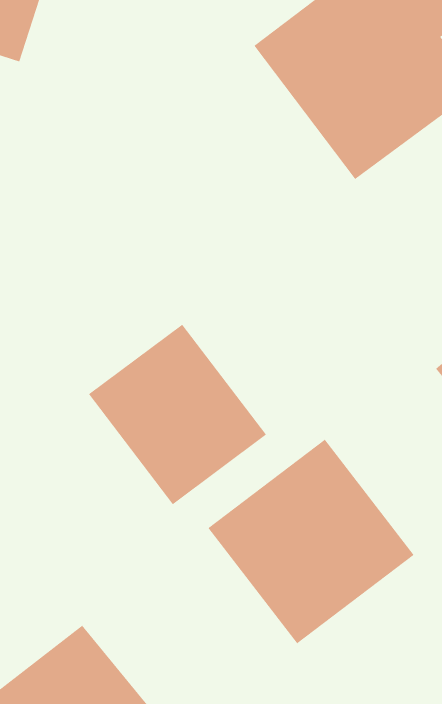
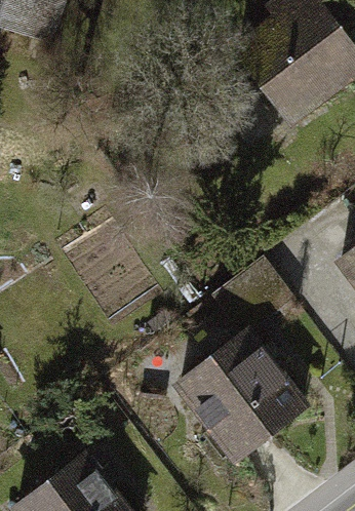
building: [88,324,267,505] -> none

